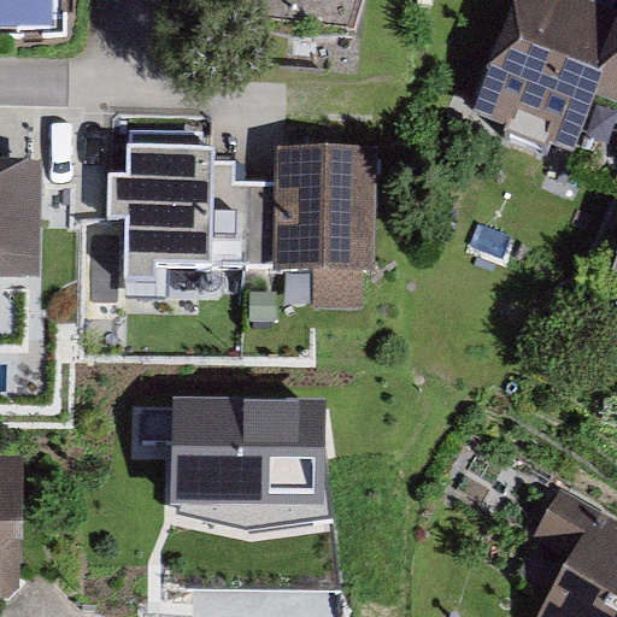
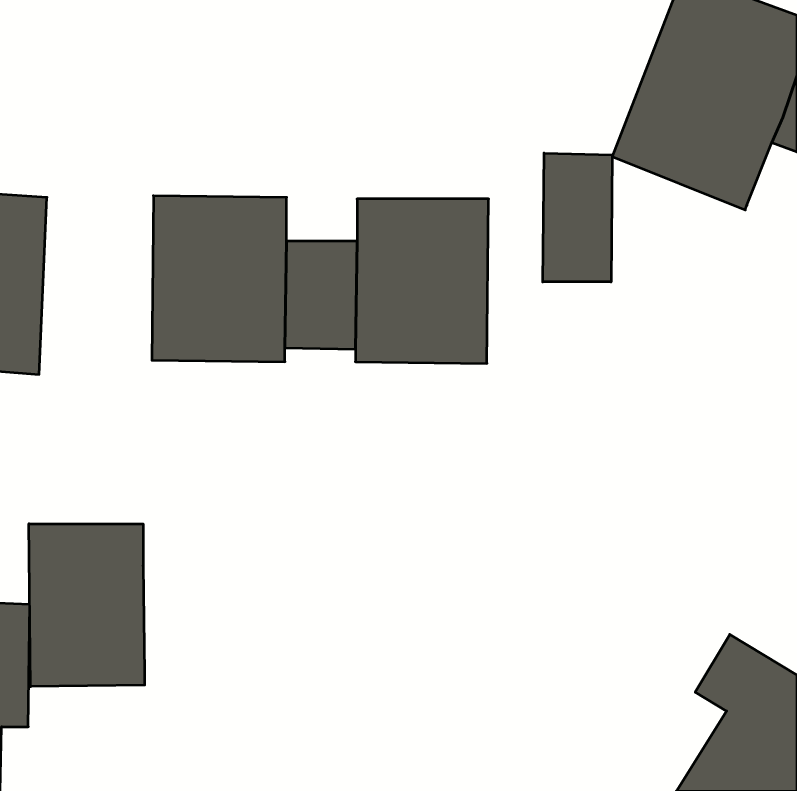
building: none -> [543,153,612,282]
building: [169,390,334,528] -> none
building: none -> [29,524,145,687]

